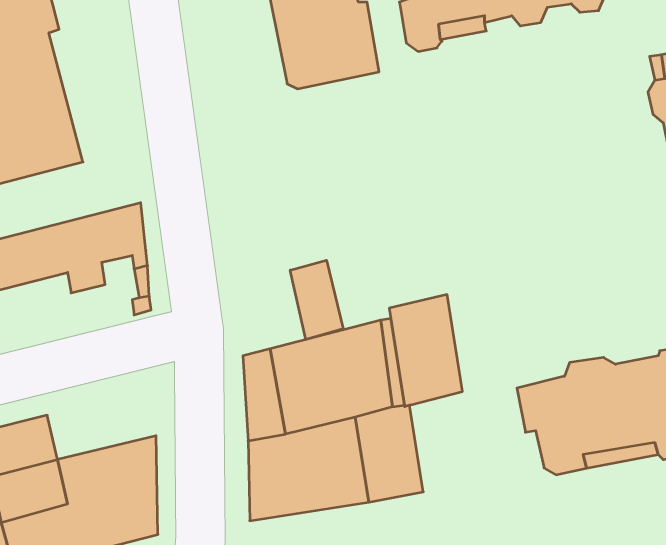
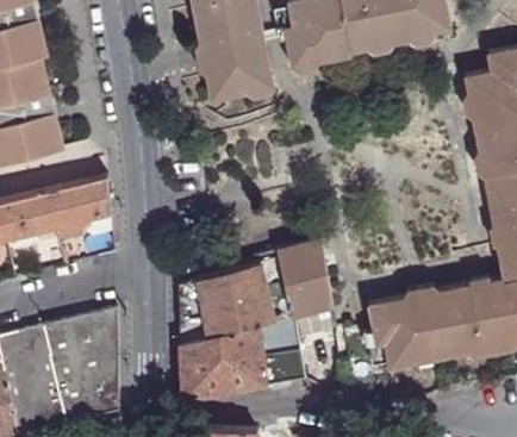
building: [290,260,343,340] -> none
building: none -> [42,307,118,356]

